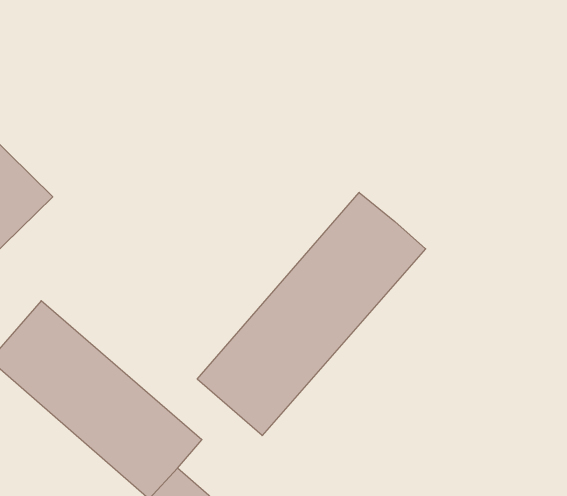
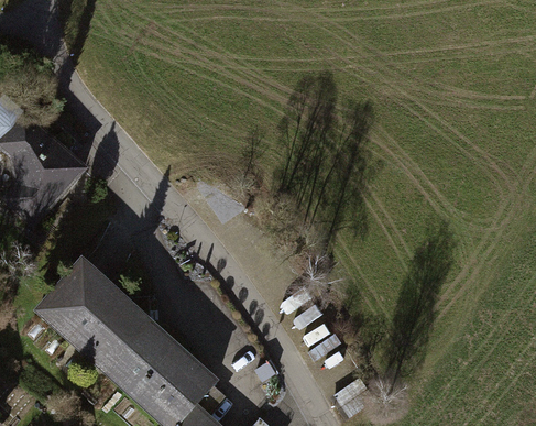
building: [197,192,426,436] -> none

